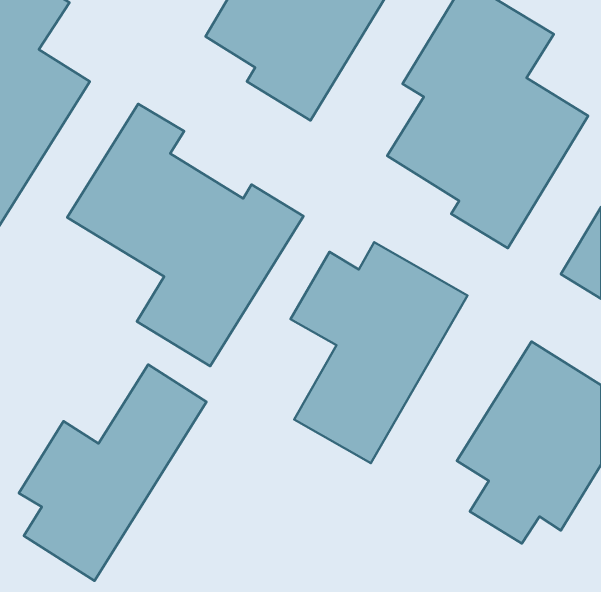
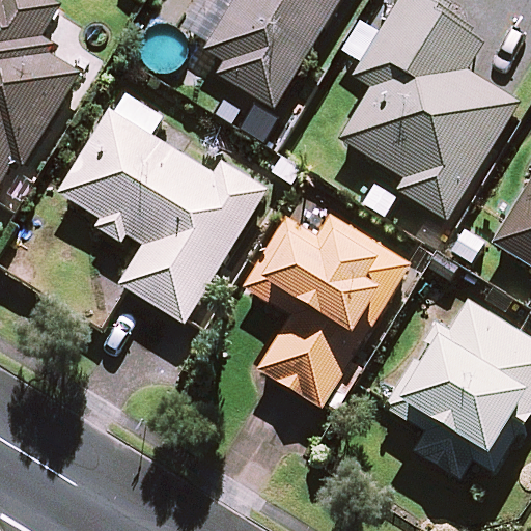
building: [19,365,207,581] -> none

